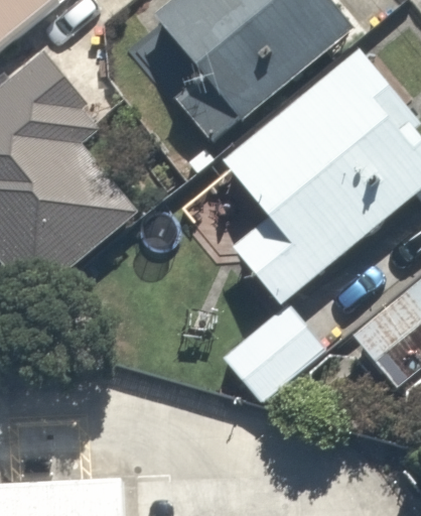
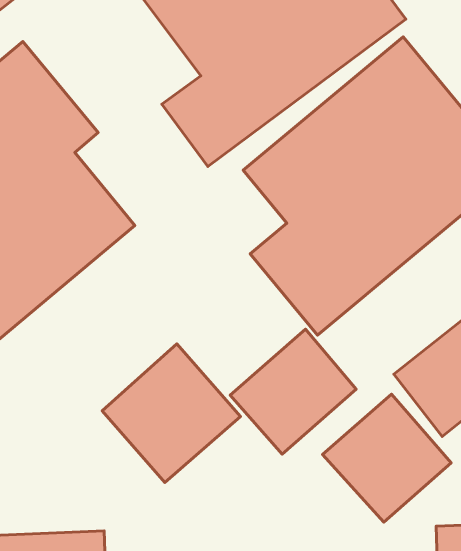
building: none -> [102,344,240,482]
building: none -> [323,394,451,522]

